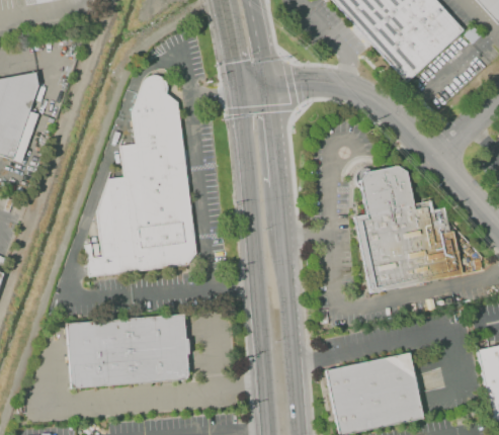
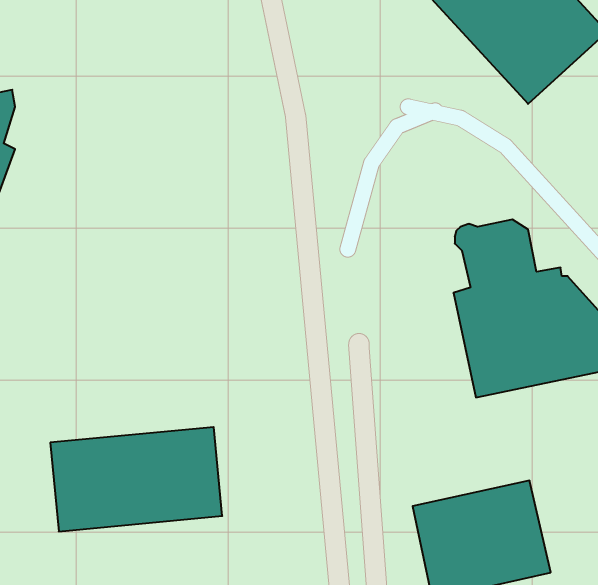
building: [85,77,196,278] -> none

